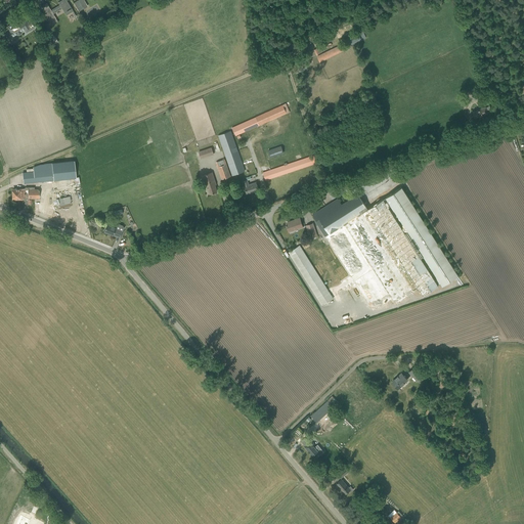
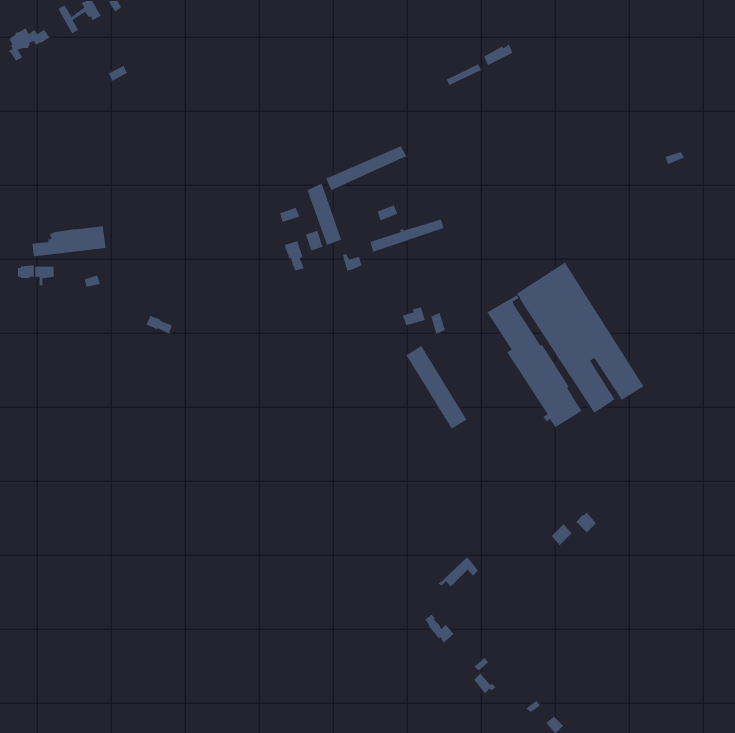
building: [312,194,389,310] -> none

